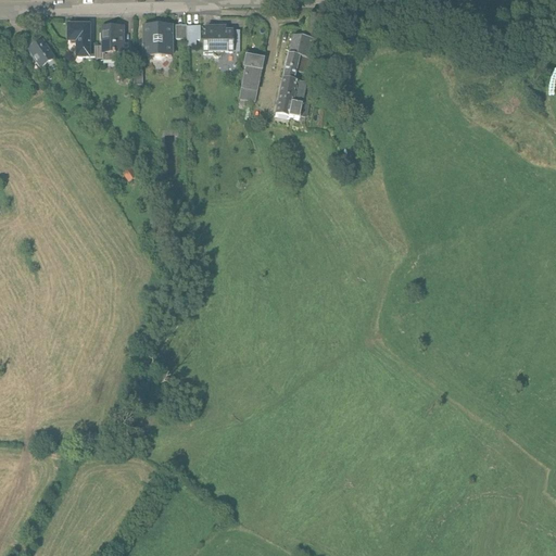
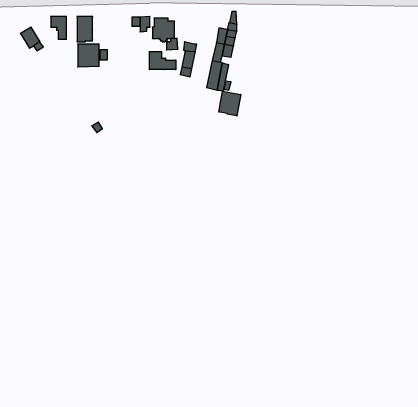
building: [143,22,172,52] -> [78,44,99,67]
building: none -> [149,52,176,70]
building: none -> [219,91,241,116]

